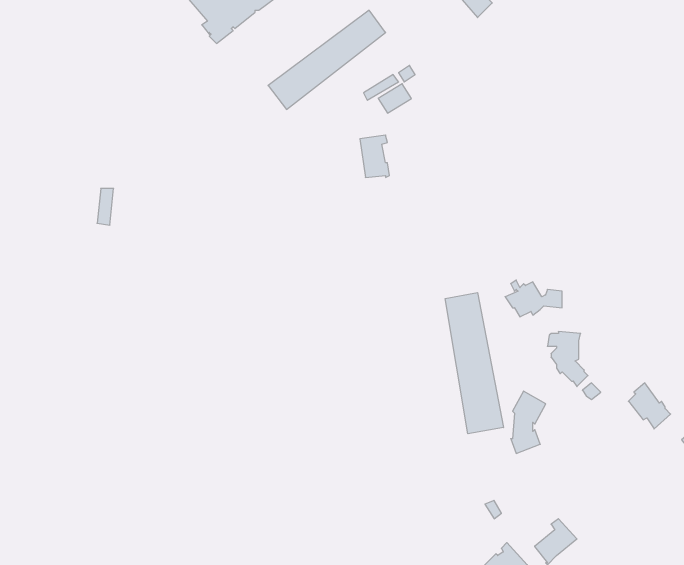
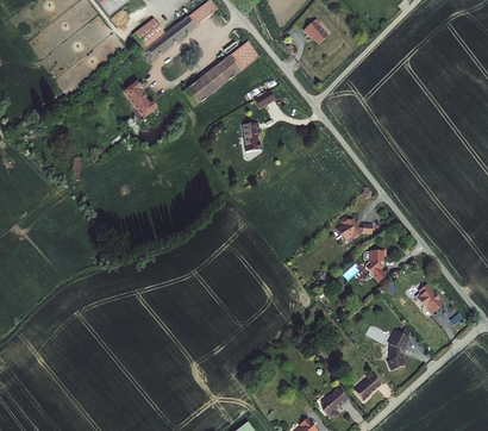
building: none -> [121,80,157,118]
building: [445,293,503,434] -> none
building: [511,391,546,453] -> [387,330,409,370]

